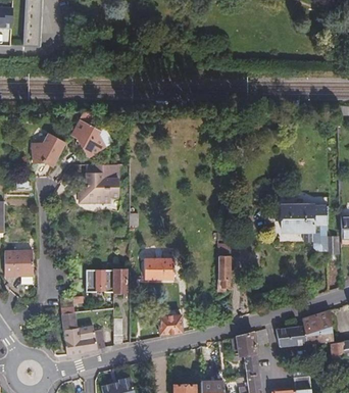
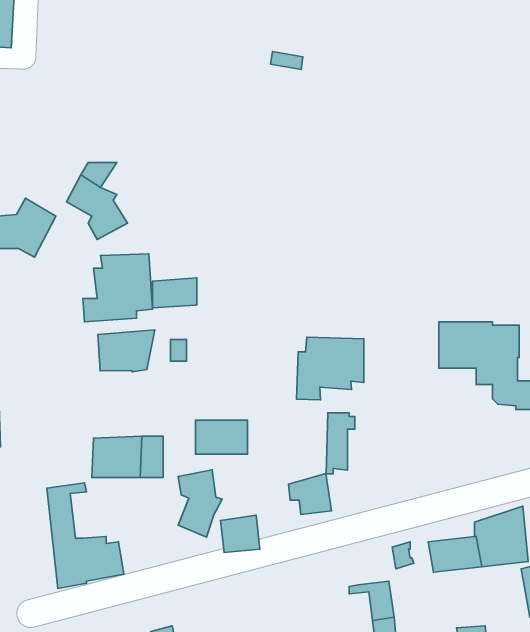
building: none -> [152,278,197,308]
building: none -> [98,330,155,372]
building: none -> [297,337,364,400]
building: none -> [178,470,222,537]
building: [230,330,254,353] -> [288,473,331,515]

